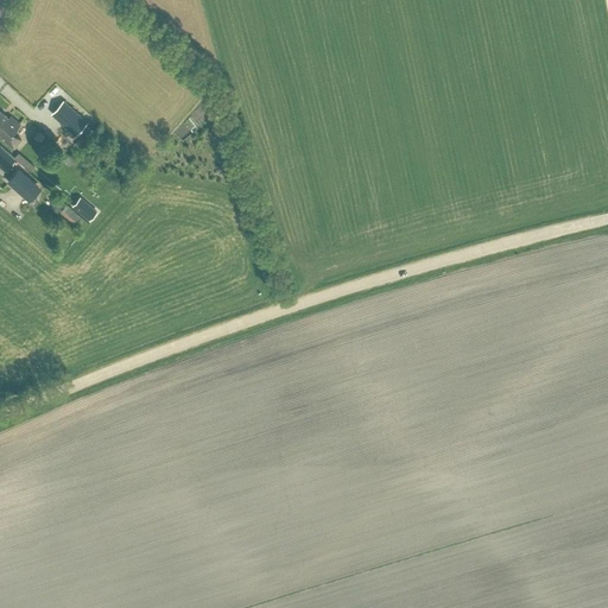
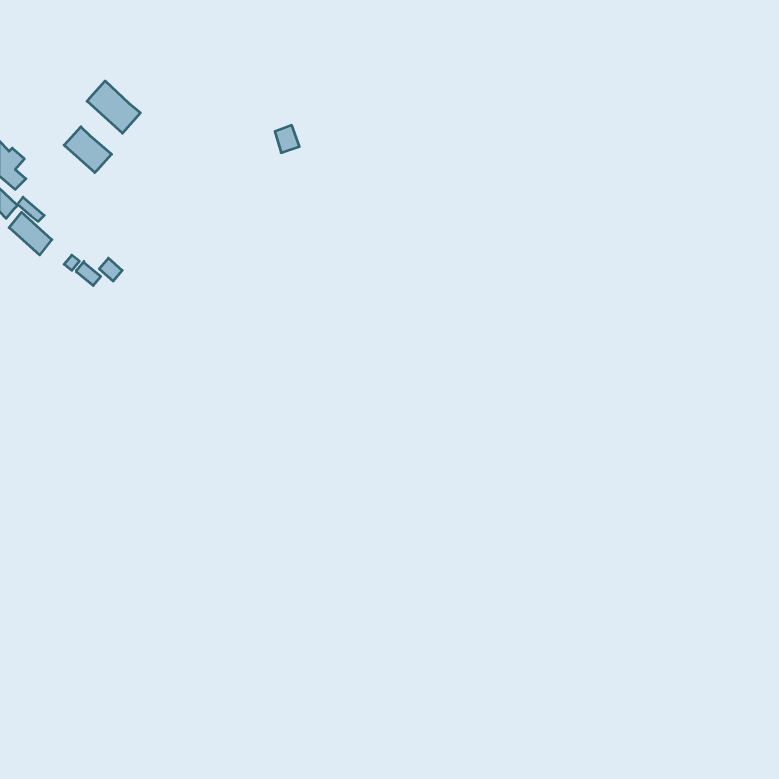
building: none -> [87,81,140,133]

